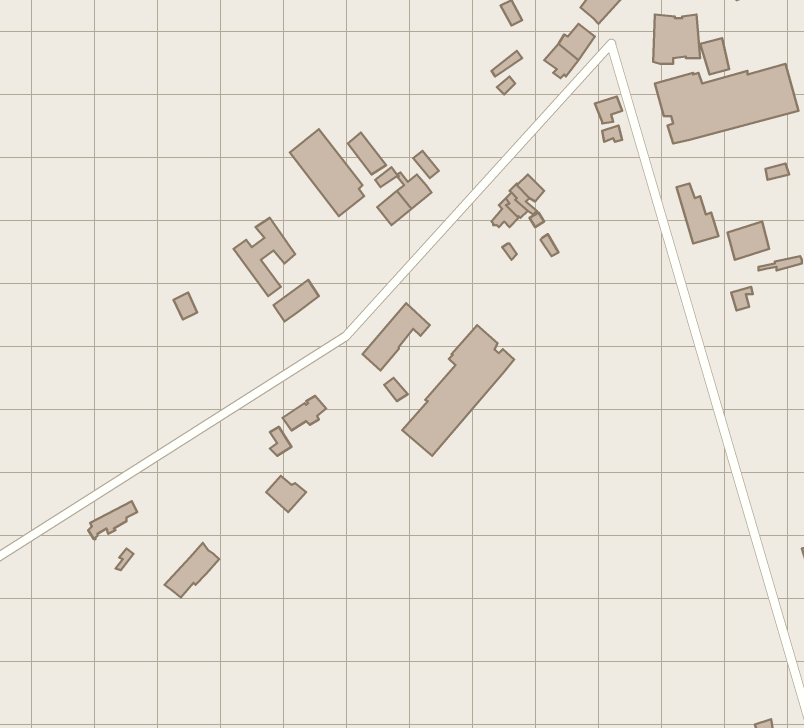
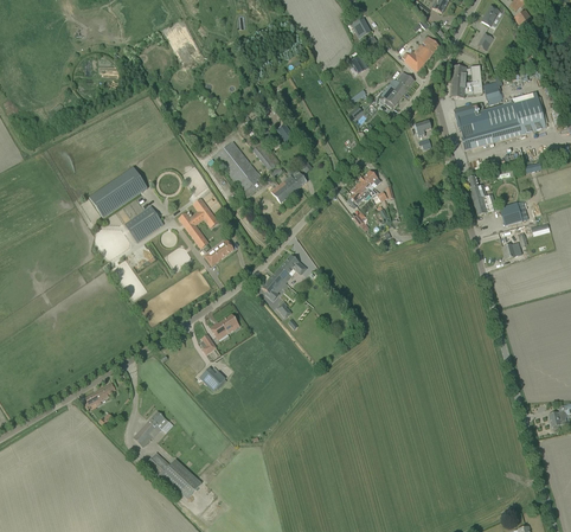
building: none -> [89,167,147,218]
building: none -> [124,205,163,242]
building: [402,325,514,456] -> none
building: none -> [146,451,201,498]

